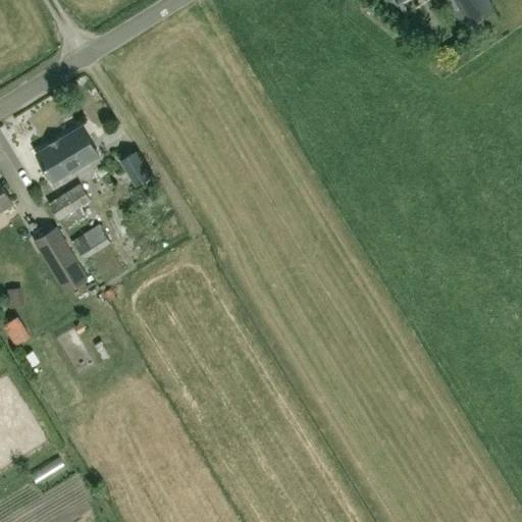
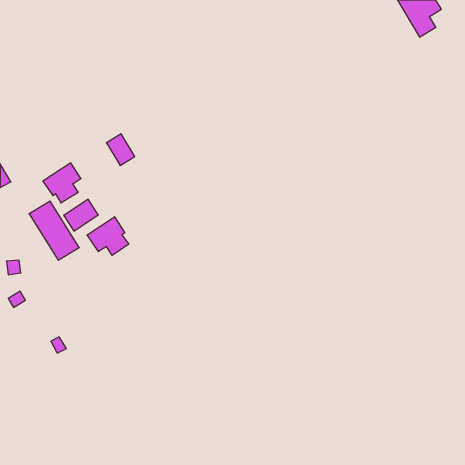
building: [37,126,99,181] -> none
building: none -> [87,217,129,255]

